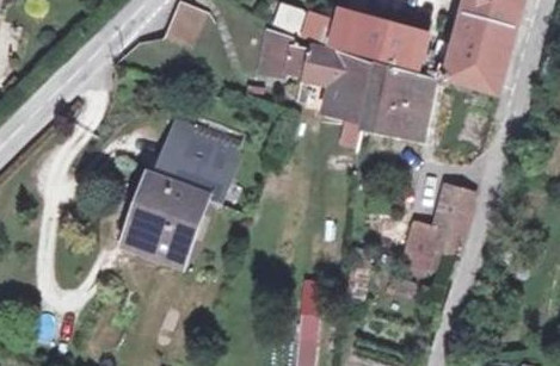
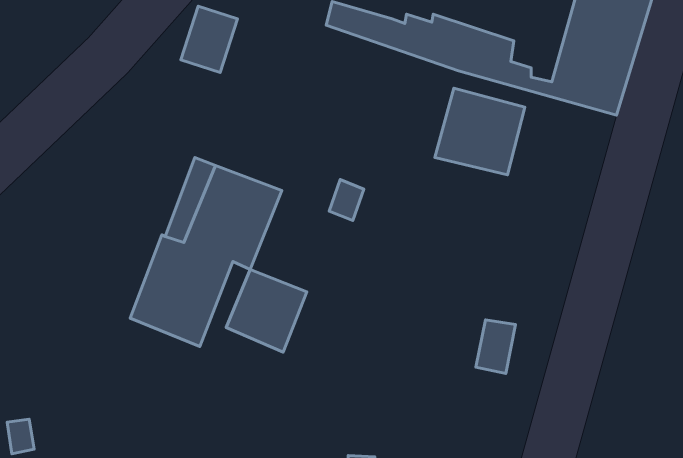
building: [263,32,374,122] -> none
building: [423,181,473,255] -> none
building: none -> [226,269,307,352]

